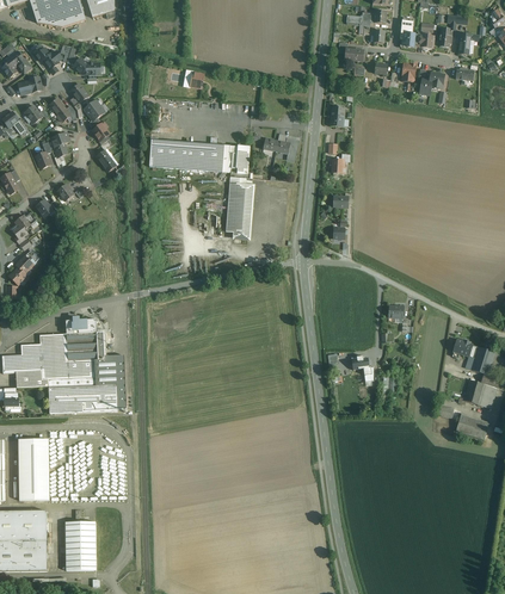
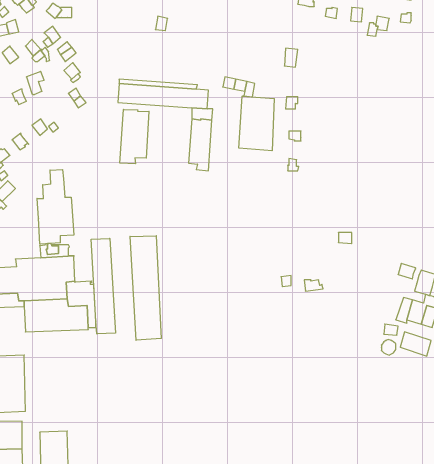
building: none -> [239,96,274,151]
building: none -> [120,109,149,164]
building: none -> [37,170,74,244]
building: none -> [130,236,161,340]
building: none -> [91,238,115,334]

